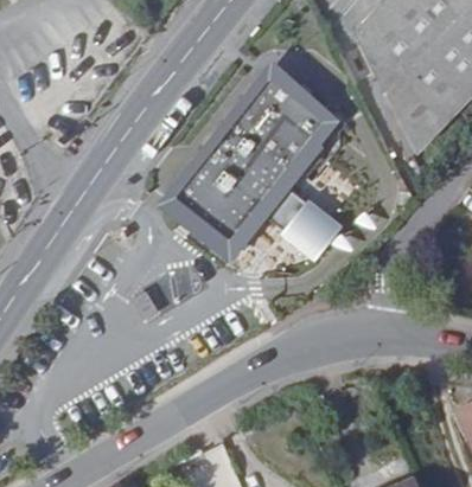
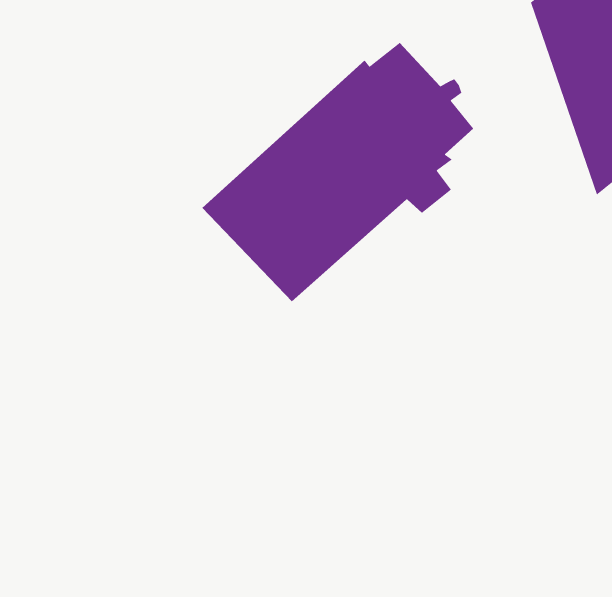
building: [282,207,338,255] -> none

